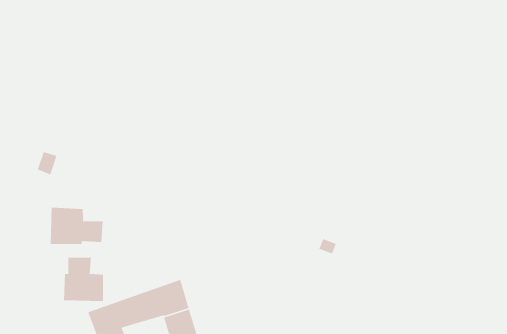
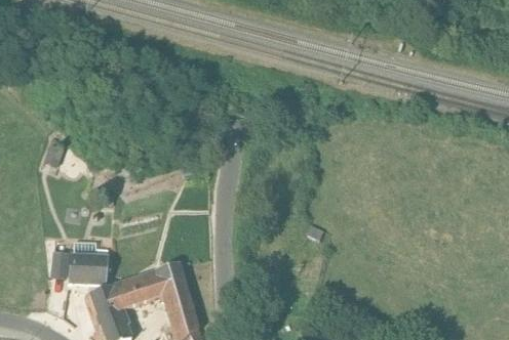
building: [50,207,104,245] -> none

